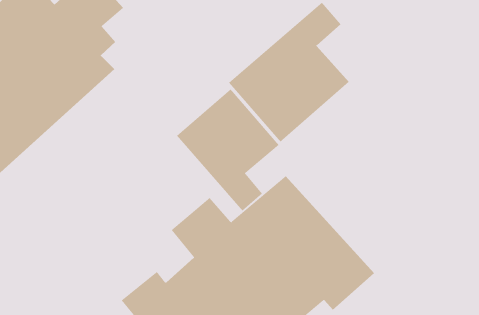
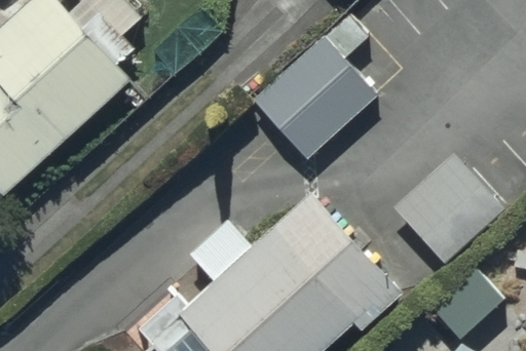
building: [176,88,279,211] -> none
building: none -> [390,148,502,261]

